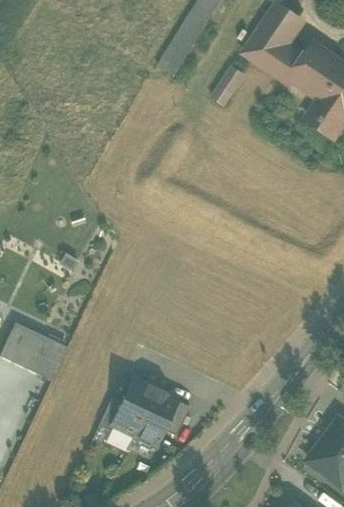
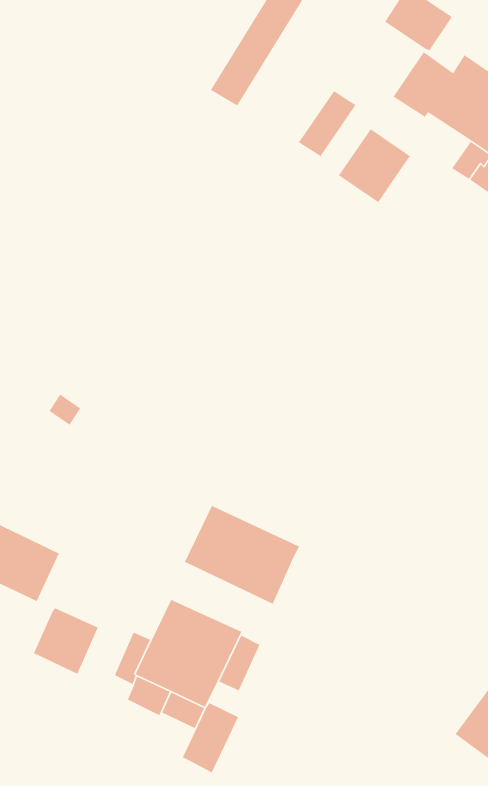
building: [244,23,289,69] -> [338,128,411,203]
building: none -> [184,505,300,605]
building: none -> [33,608,99,675]
building: none -> [182,702,239,774]

